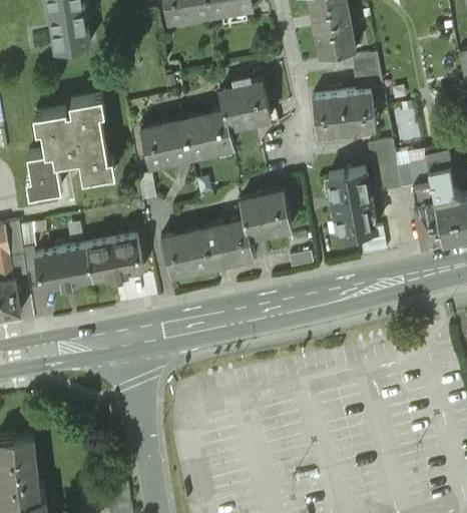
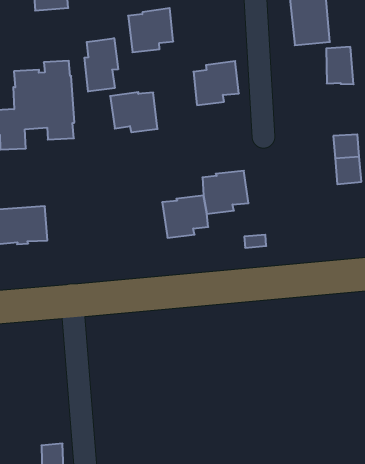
building: none -> [84,38,118,92]
building: [313,92,375,137] -> none
building: [183,109,231,157] -> [128,8,173,52]
building: [329,171,377,236] -> none
building: [161,230,212,273] -> none
building: [86,237,143,281] -> none

